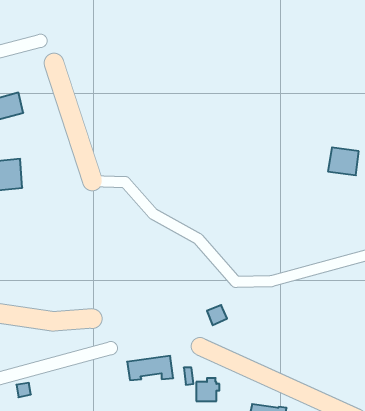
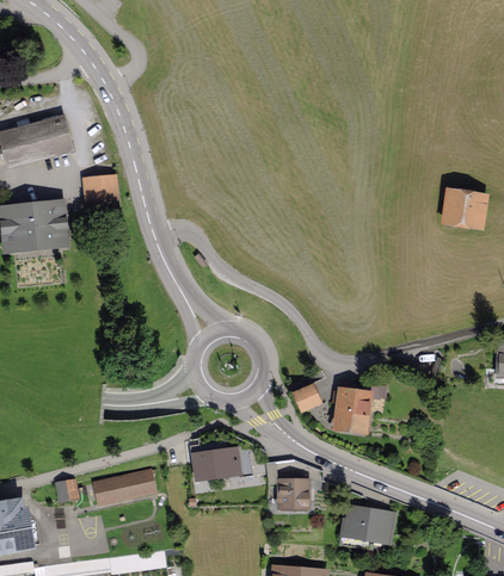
building: none -> [86,179,115,209]
building: none -> [334,384,385,428]
building: none -> [93,470,154,503]

